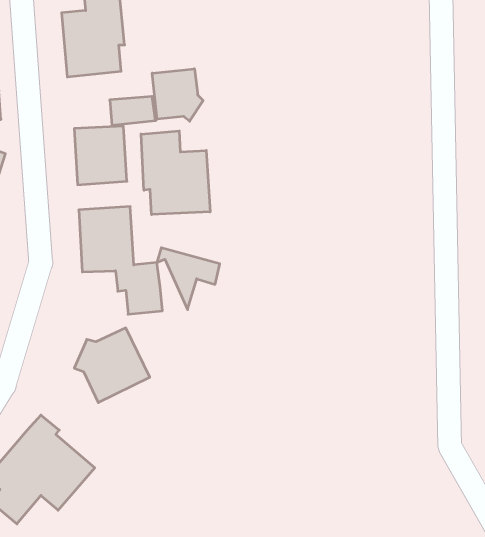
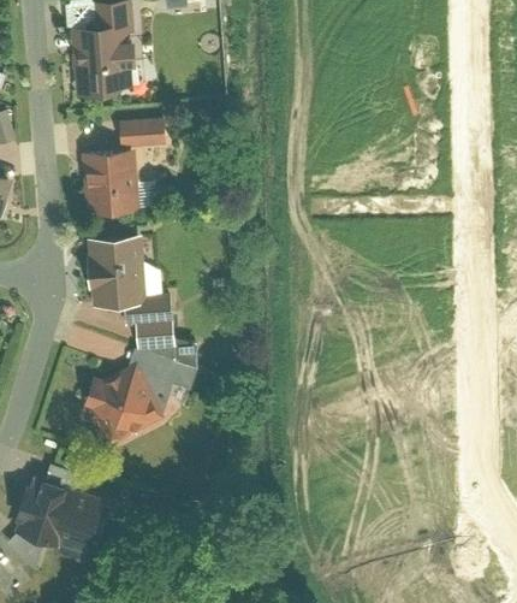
building: [152,69,203,121] -> none
building: [141,131,210,215] -> none
building: [157,248,220,310] -> [130,351,196,416]

